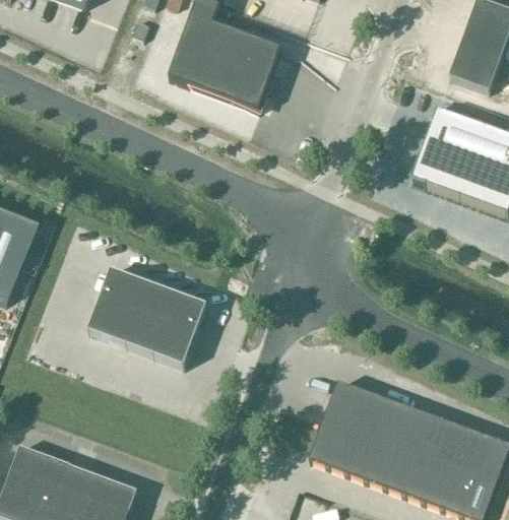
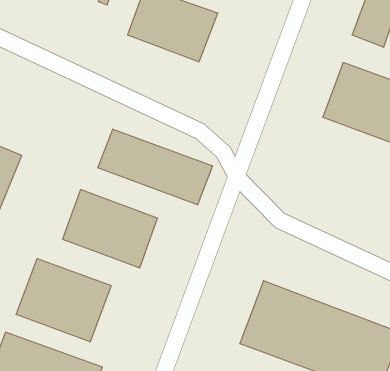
building: none -> [98,129,212,205]
building: none -> [16,258,111,342]

